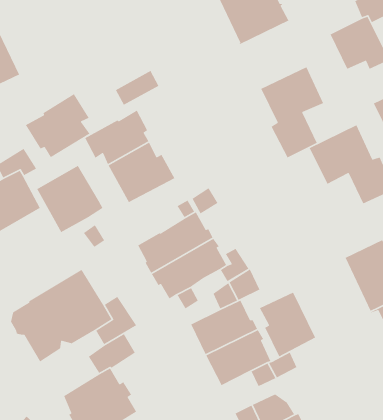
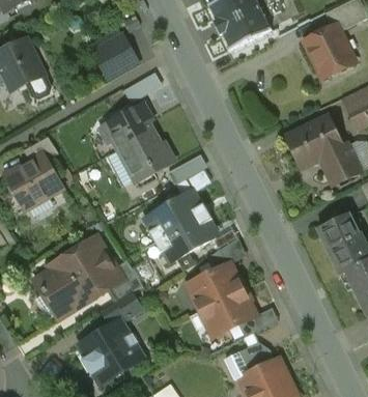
building: none -> [91,33,138,79]
building: [260,66,324,159] -> none
building: [25,93,91,158] -> none
building: [36,165,103,233] -> none
building: [259,292,316,357] -> none

